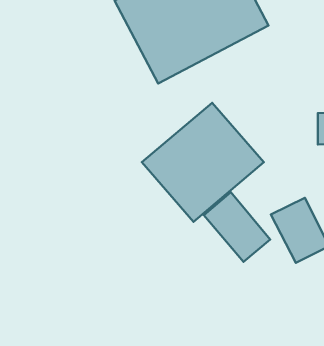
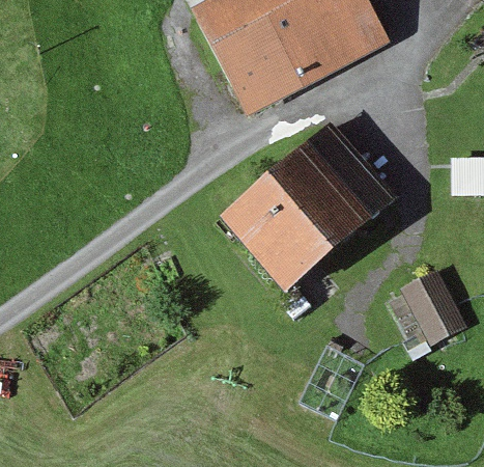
building: [204,192,270,262] -> none

